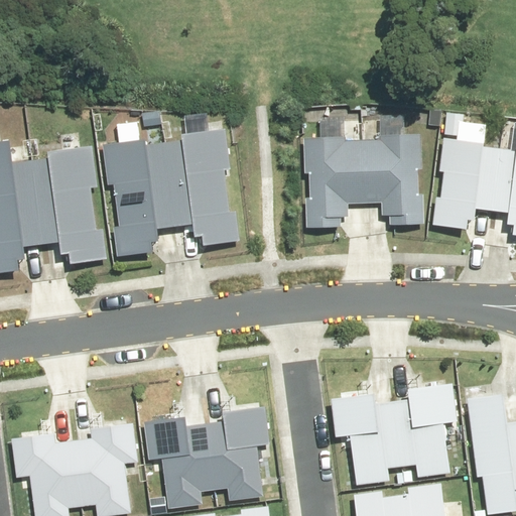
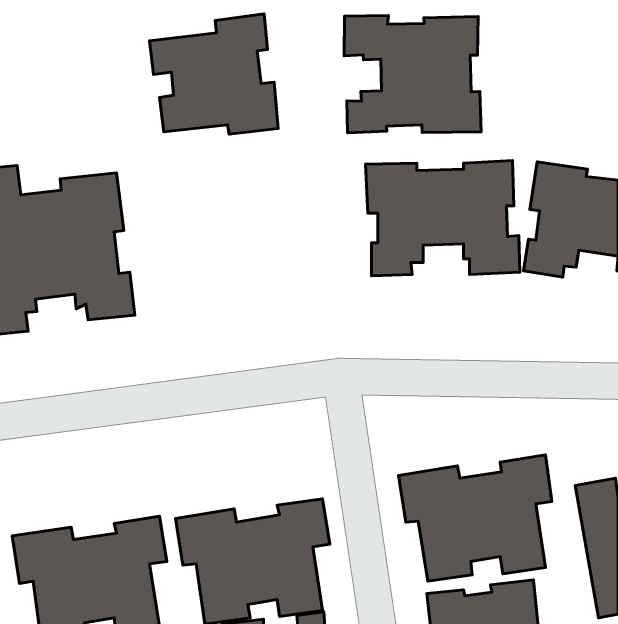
building: none -> [149,14,278,134]
building: none -> [344,15,481,133]
building: [103,128,243,256] -> none

